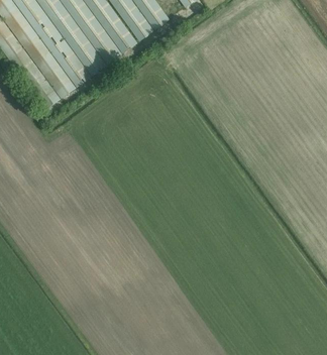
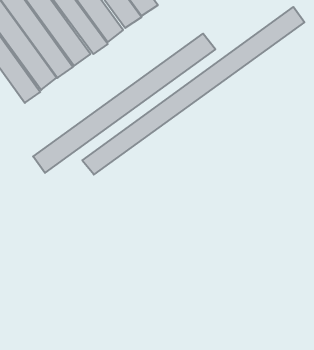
building: none -> [82,7,304,175]
building: none -> [33,34,215,173]

